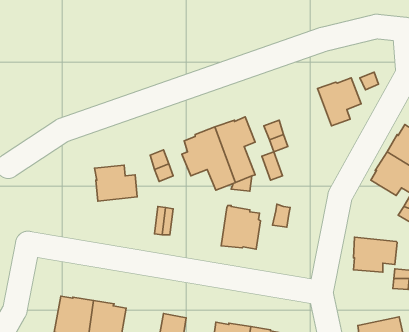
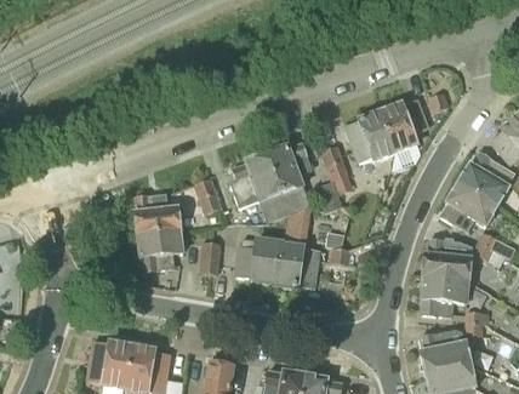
building: none -> [348,112,397,164]
building: none -> [137,232,184,272]
building: none -> [236,238,281,286]
building: none -> [422,241,472,282]
building: none -> [418,331,472,375]

